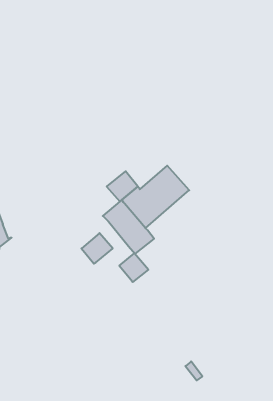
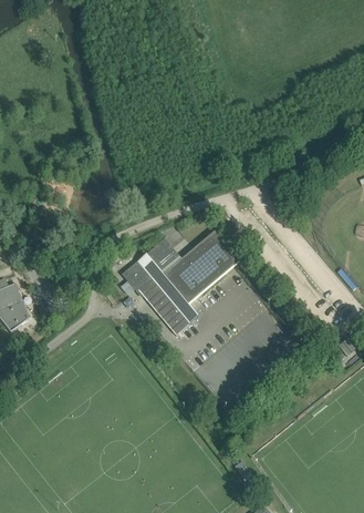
building: [81,233,113,264] -> [122,256,158,291]
building: [119,253,148,282] -> none

